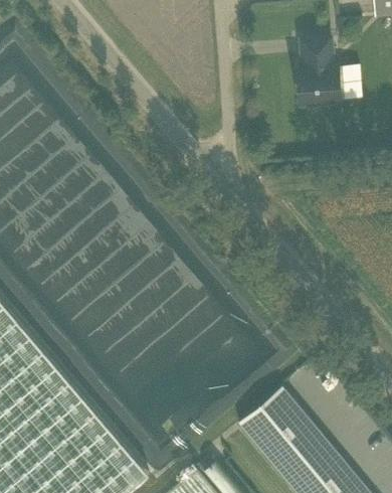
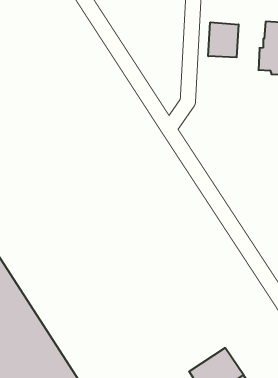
building: none -> [208,22,239,57]
building: [241,389,303,450] -> none

